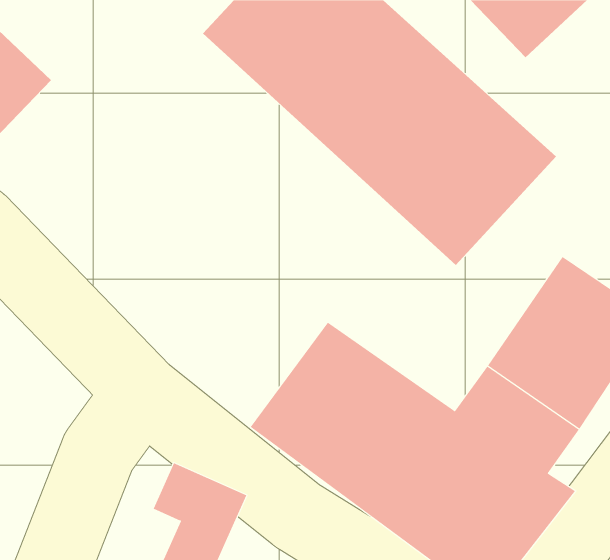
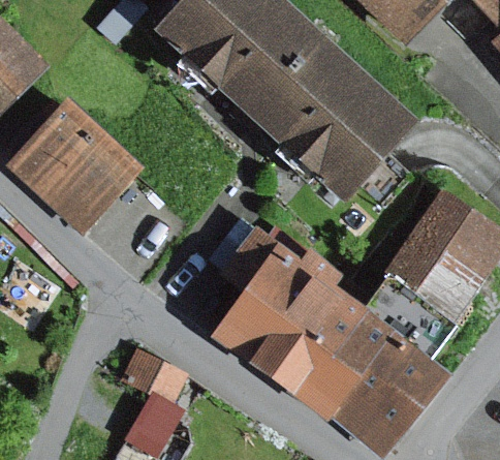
building: none -> [12,97,145,227]

